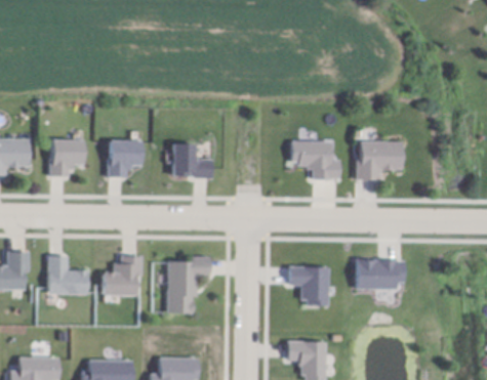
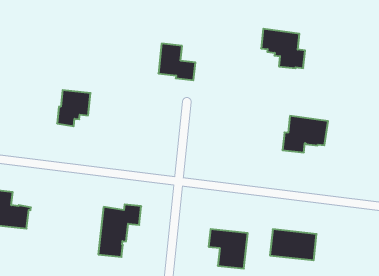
building: [50,137,83,175] -> none
building: [290,138,338,177] -> [261,29,305,68]
building: [172,140,211,176] -> [158,44,195,80]
building: [103,255,141,293] -> none

